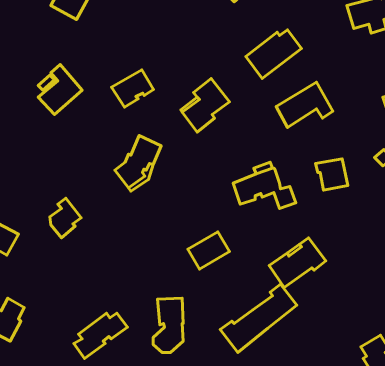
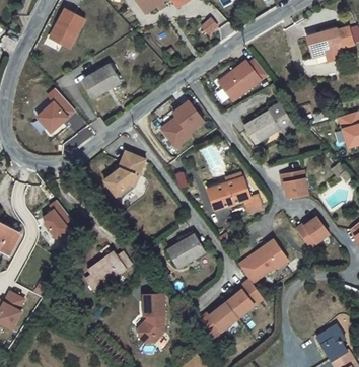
building: [112,70,153,107] -> [83,64,120,96]
building: none -> [295,216,329,247]
building: [74,313,127,359] -> [84,251,131,291]

